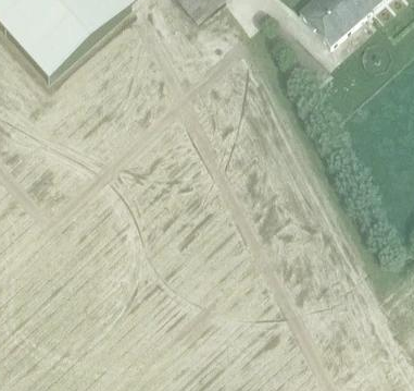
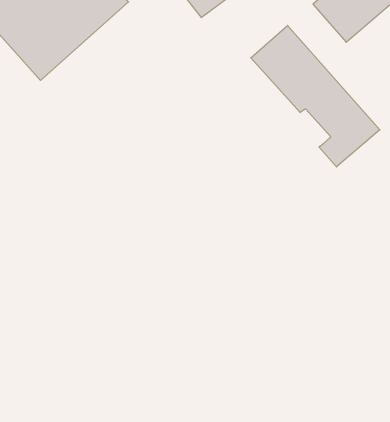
building: none -> [251,25,380,167]

